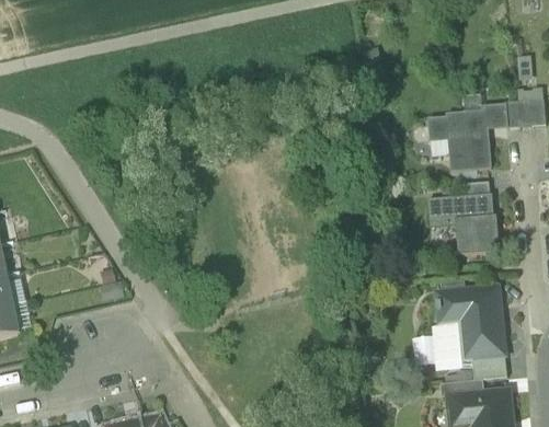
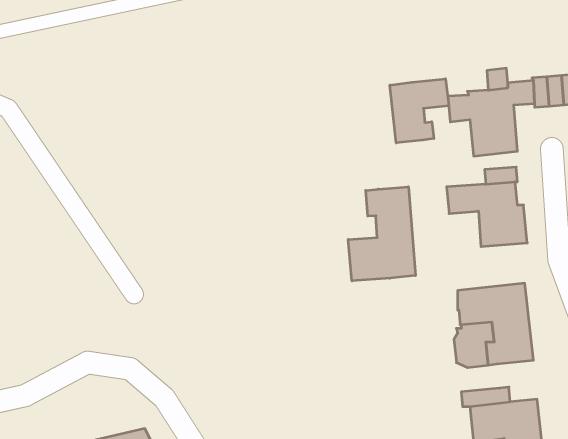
building: none -> [390,79,449,143]
building: none -> [348,187,415,281]
building: [472,354,507,379] -> none

